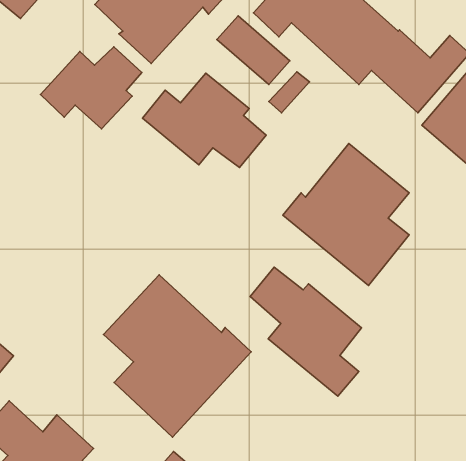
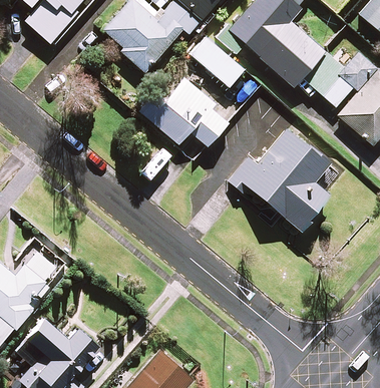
building: [40,47,142,129] -> none
building: [250,267,361,396] -> none
building: [104,275,251,437] -> none

